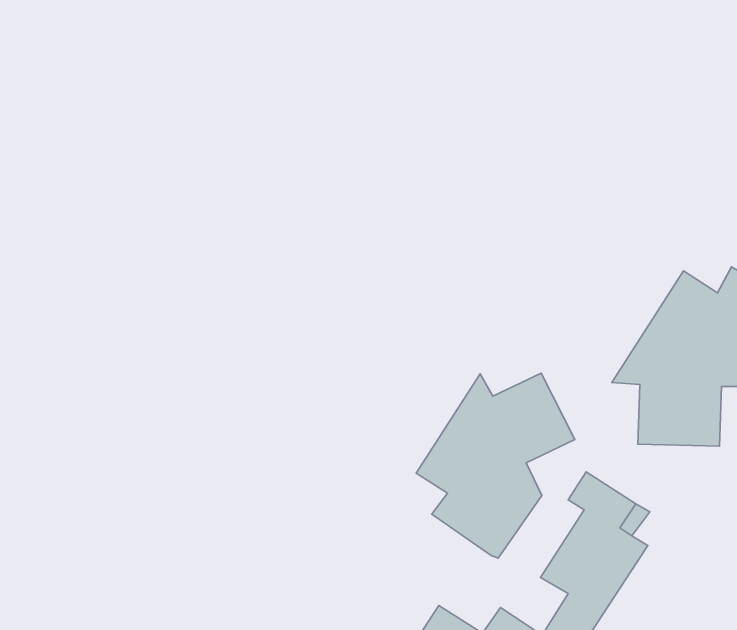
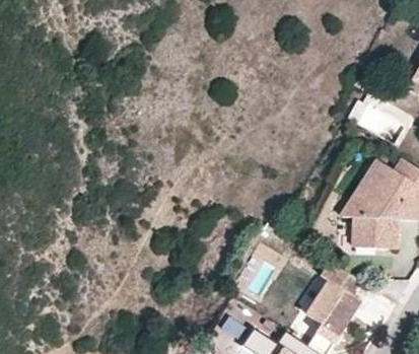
building: [416,373,575,558] -> none

